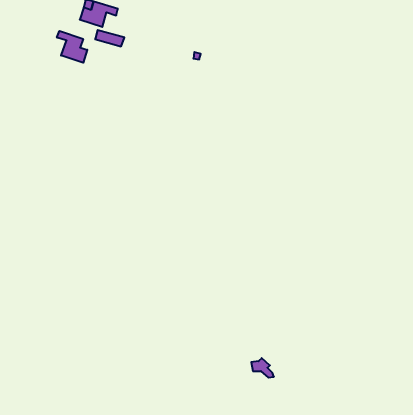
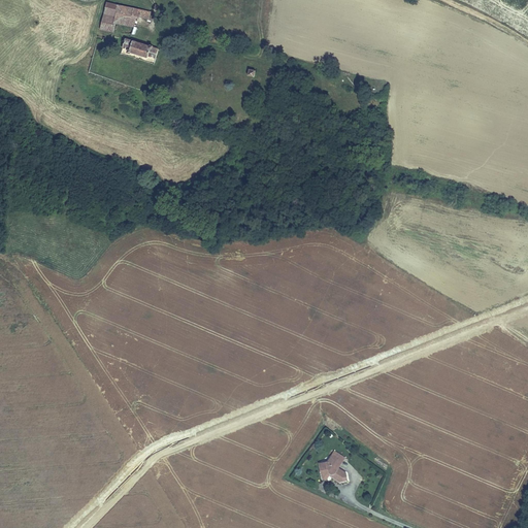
building: [57,31,87,63] -> none

